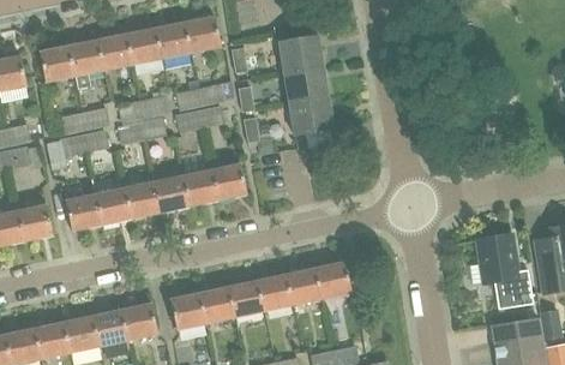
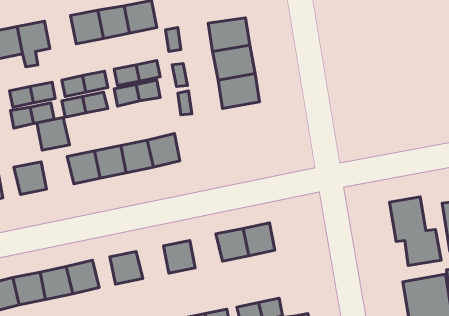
building: [97,34,132,70] -> none
building: [94,189,130,225] -> [37,117,70,150]
building: [257,274,293,311] -> none
building: [198,287,234,323] -> none

